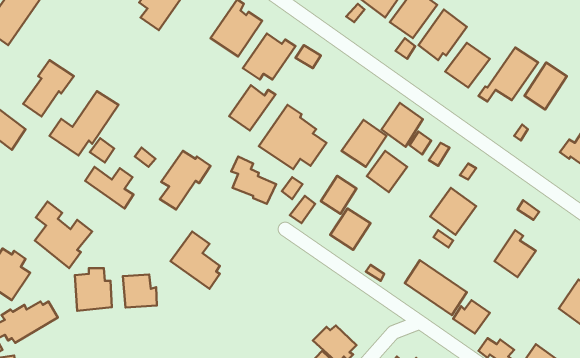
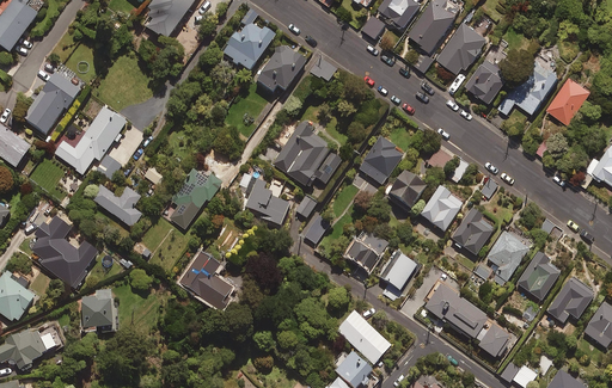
building: [229,85,275,130] -> none
building: [381,103,423,147] -> [420,186,463,232]
building: [321,176,357,214] -> [379,251,416,290]
building: none -> [475,230,532,287]
building: none -> [546,276,595,324]
building: [123,275,157,308] -> none
building: none -> [336,310,390,363]

